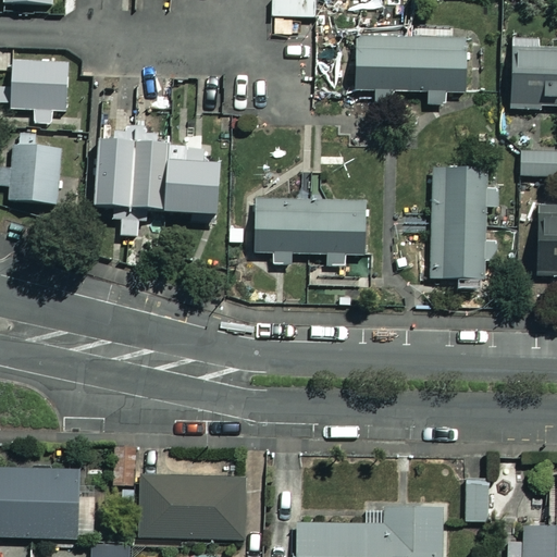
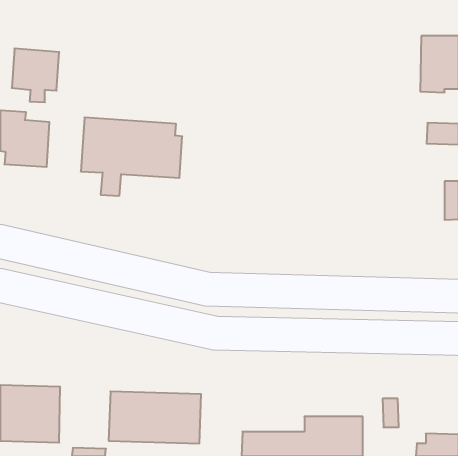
building: [356,36,468,107] -> none
building: [428,162,498,277] -> none
building: [261,196,368,265] -> none

